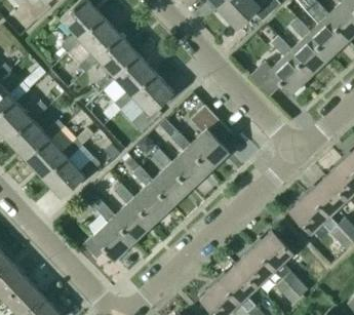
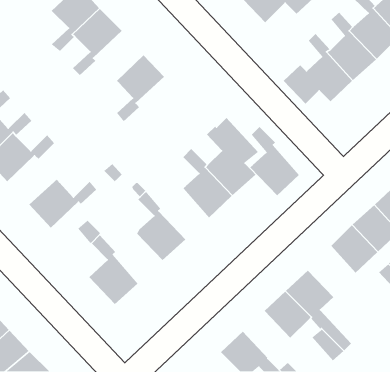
building: [96,34,137,89] -> none
building: [131,72,172,127] -> none
building: [26,136,82,176] -> none
building: [150,148,191,205] -> [250,126,300,196]
building: [113,184,153,241] -> none
building: [219,264,258,303] -> none

